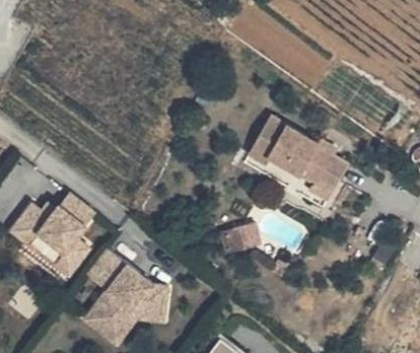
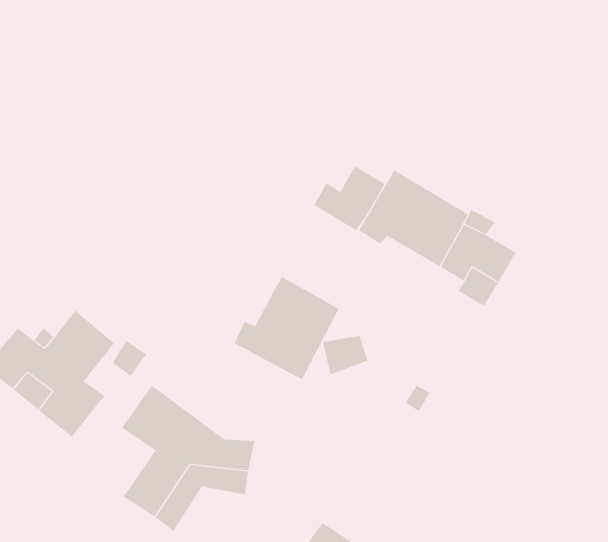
building: none -> [313,166,386,231]
building: none -> [234,276,339,380]

